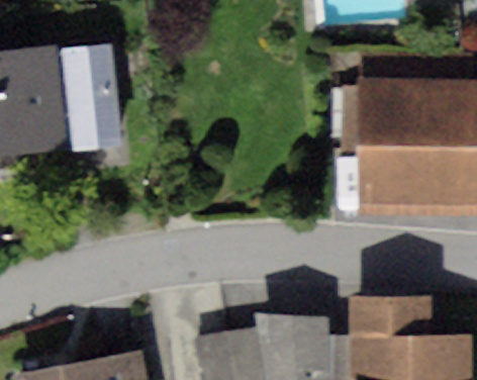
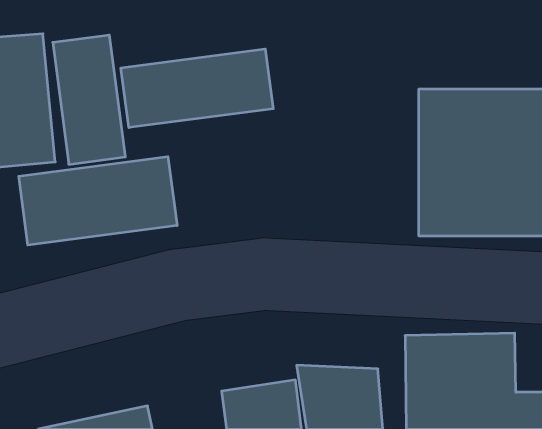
building: none -> [121,49,273,128]
building: none -> [19,157,177,245]

